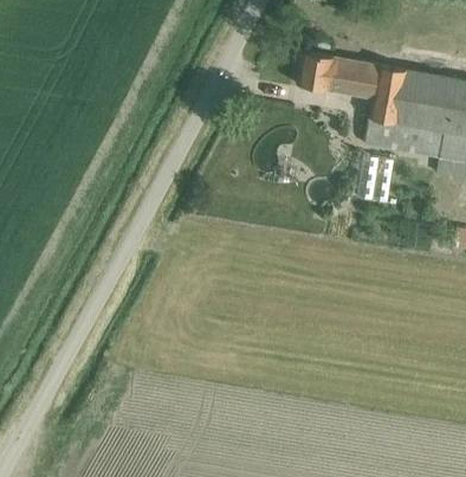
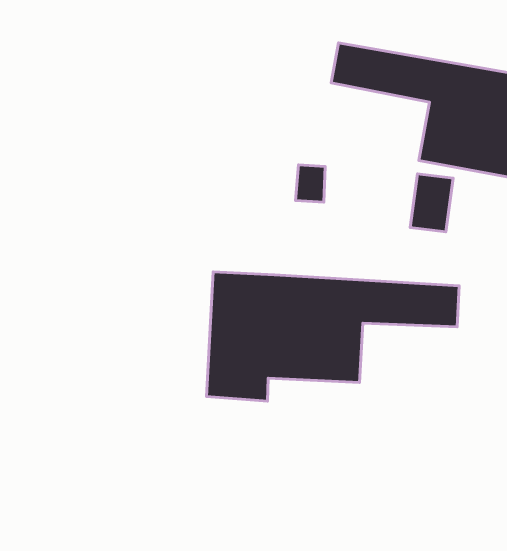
building: none -> [206,272,459,401]

